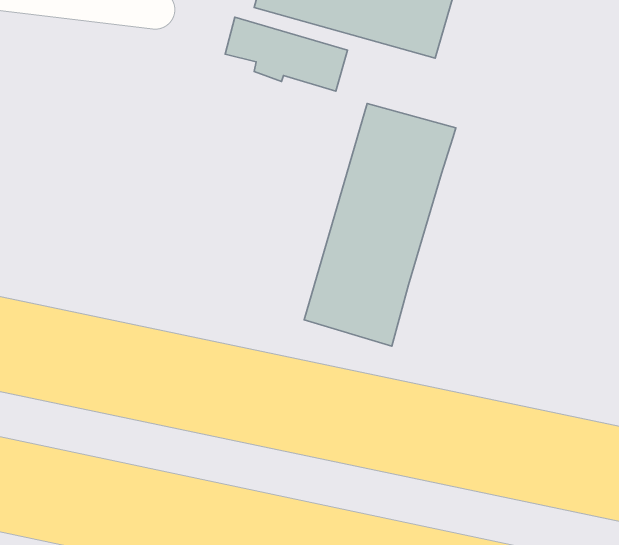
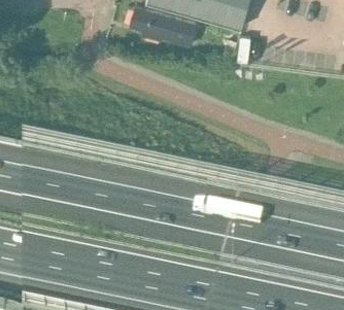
building: [304,103,456,346] -> none

